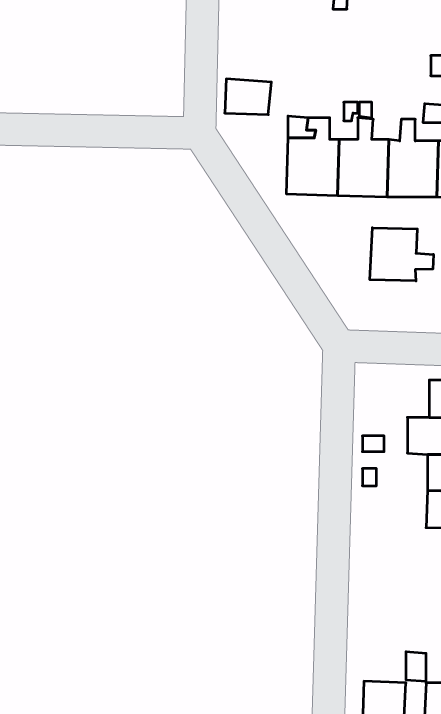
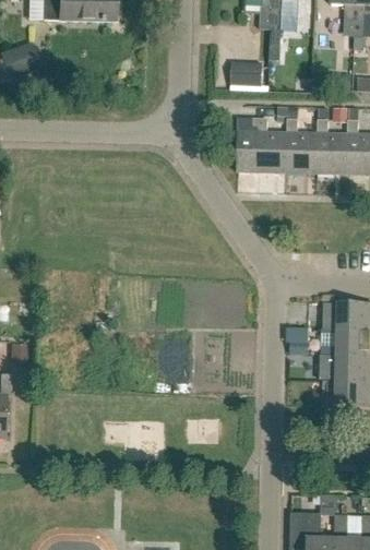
building: [225,79,271,115] -> [228,60,261,85]
building: [370,228,433,281] -> none

